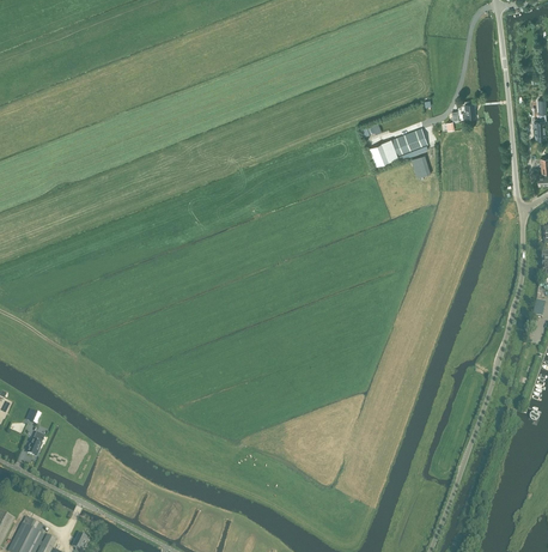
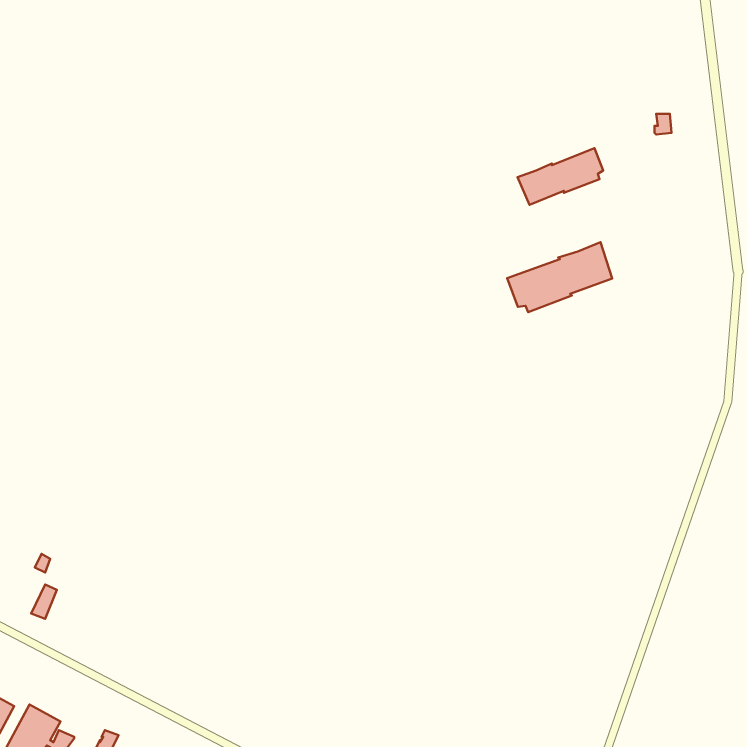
building: none -> [507,242,612,312]

